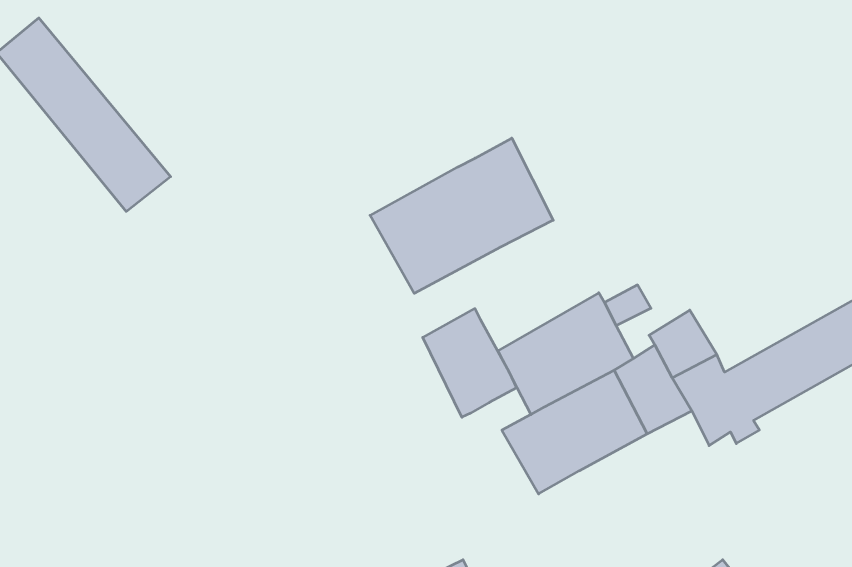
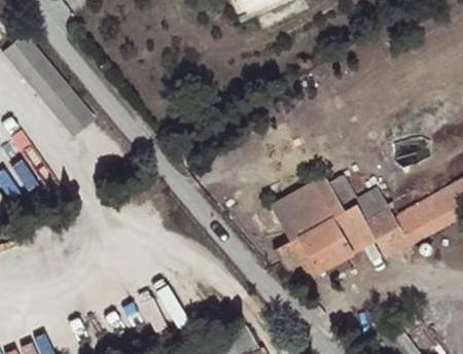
building: [370,138,553,293] -> none
building: [423,309,516,417] -> none

